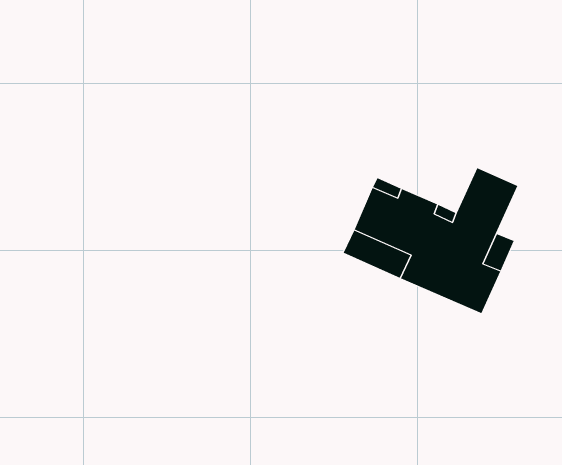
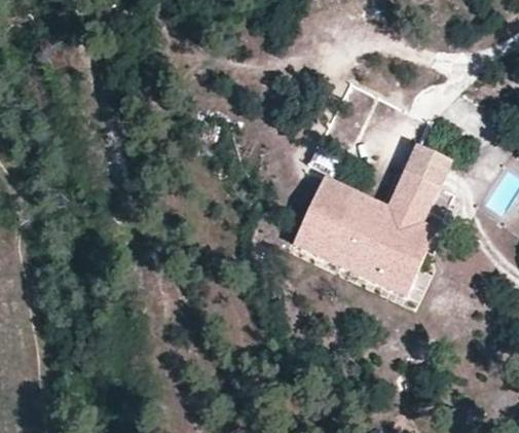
building: none -> [405,145,451,185]

